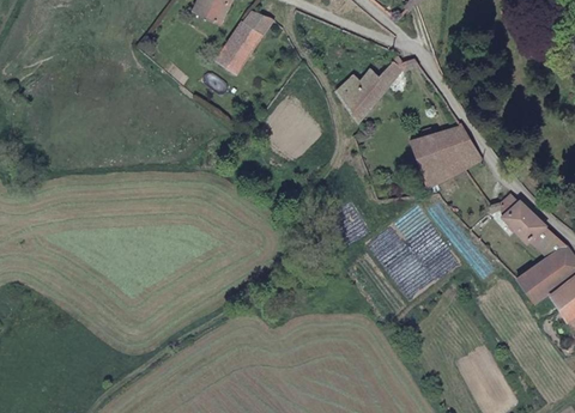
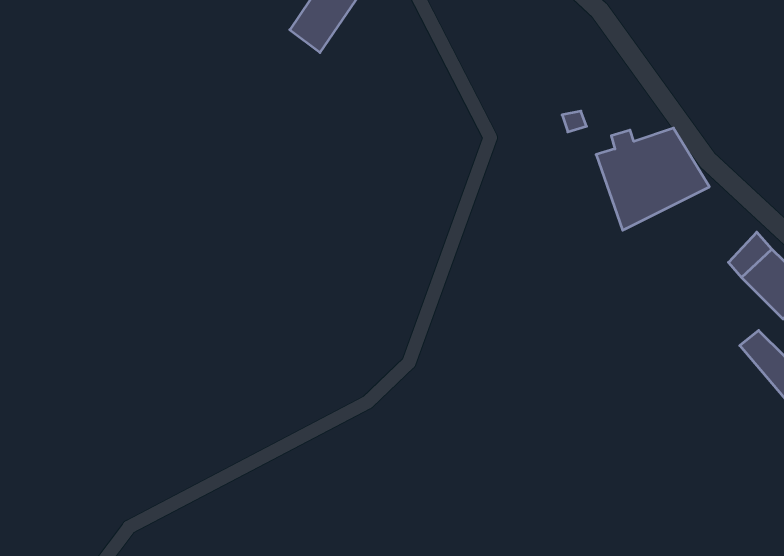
building: [335,62,401,122] -> none

